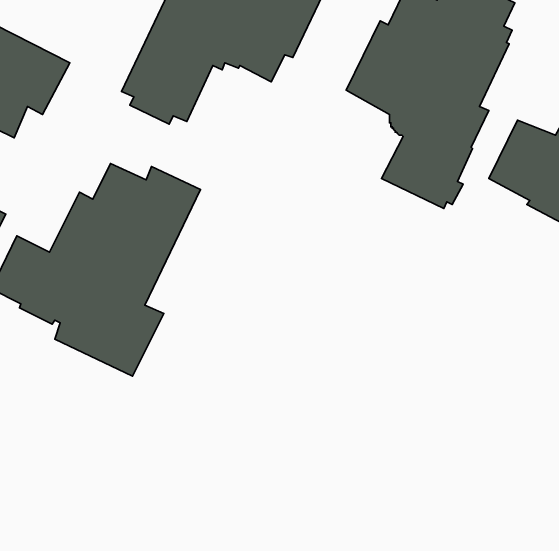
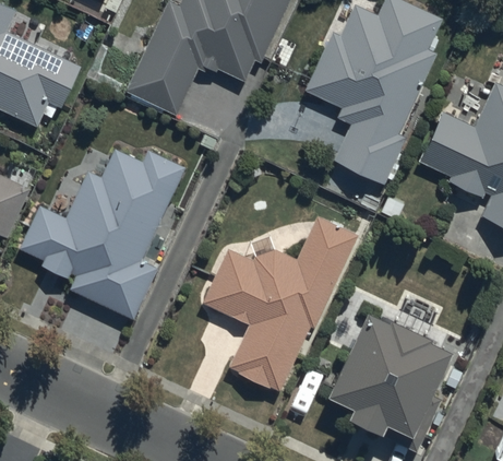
building: none -> [203,217,357,392]
building: none -> [327,309,450,451]

